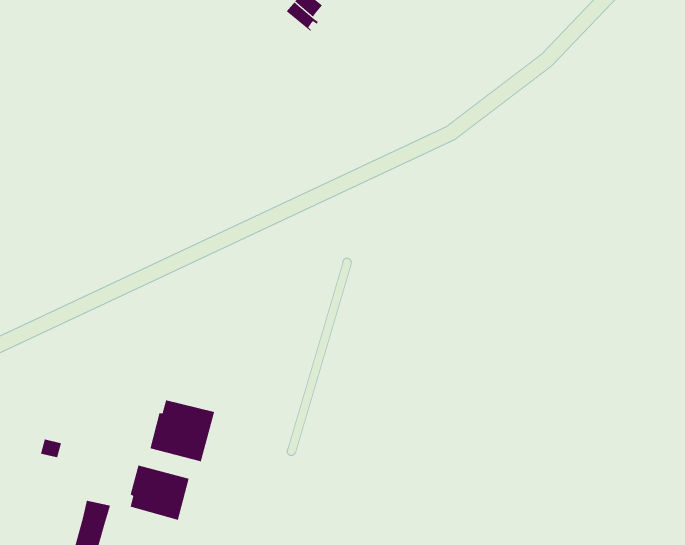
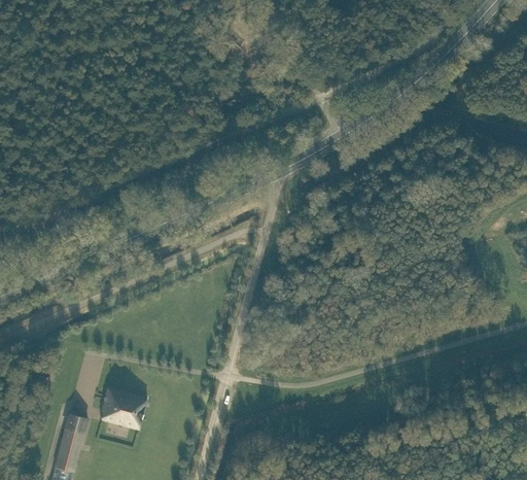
building: [150,400,215,462] -> none

